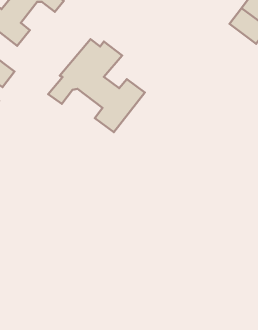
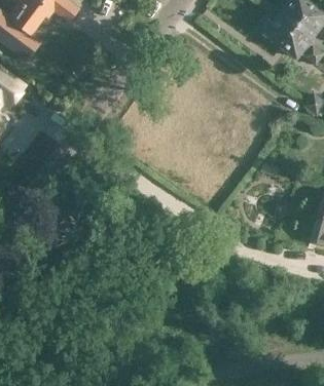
building: [48,39,145,132] -> none

